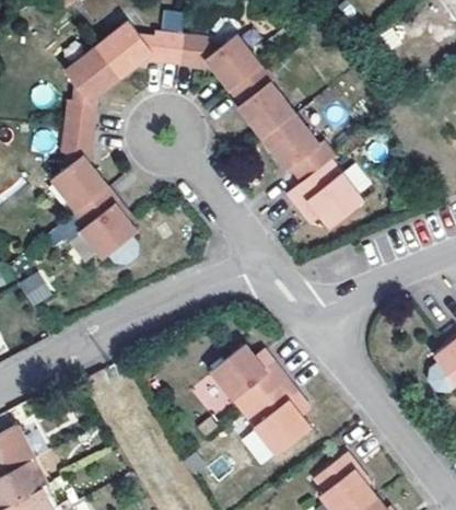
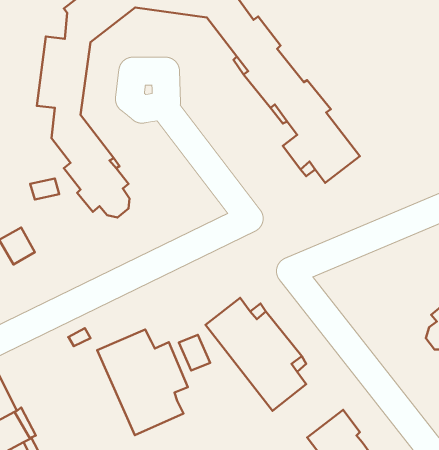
building: none -> [97,330,188,435]

